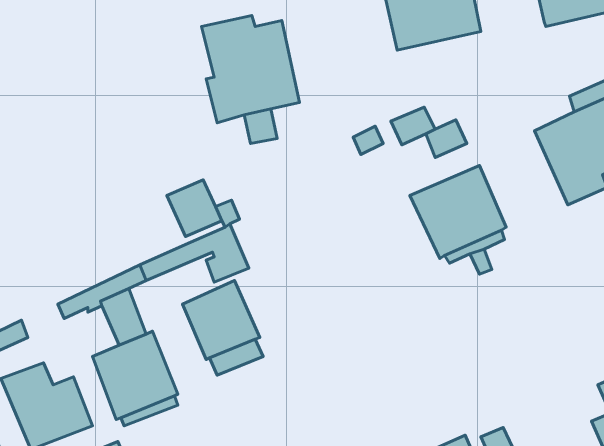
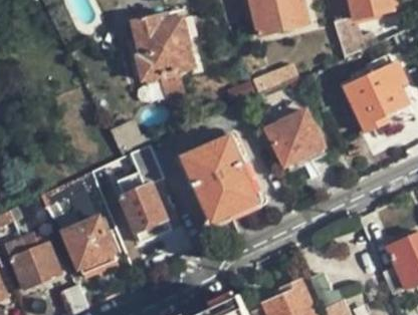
building: none -> [332,16,376,57]
building: none -> [183,134,257,221]

